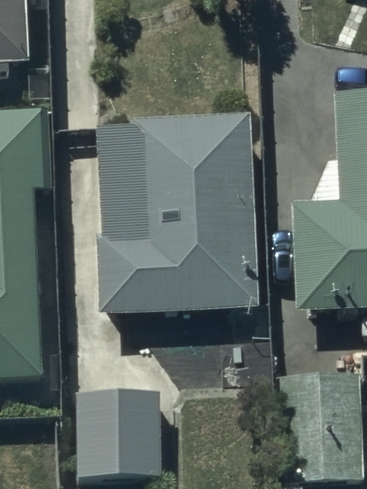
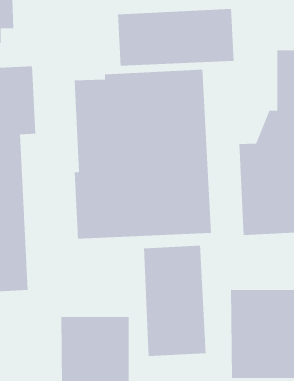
building: none -> [117,8,234,67]
building: none -> [144,245,206,357]

